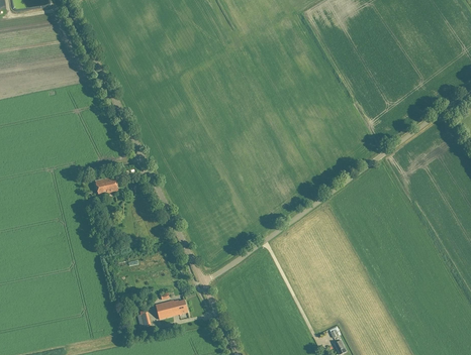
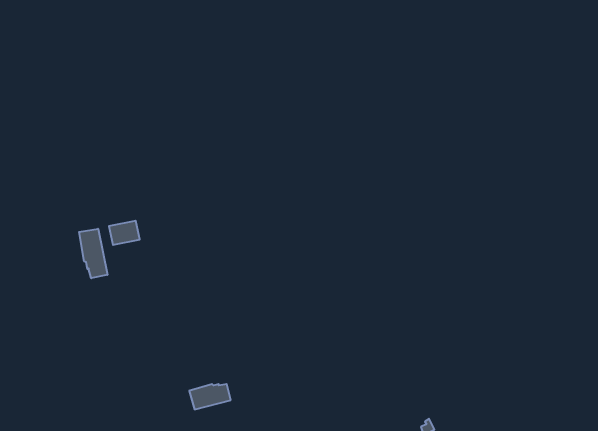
building: none -> [79,229,107,278]

